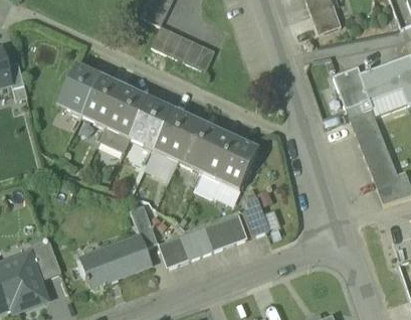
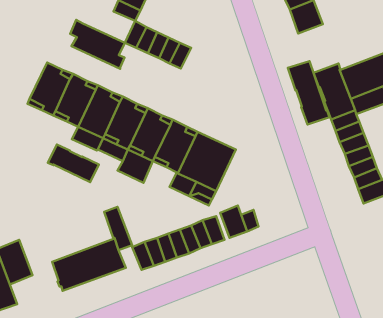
building: none -> [70,20,125,69]
building: none -> [288,61,330,125]
building: none -> [48,144,99,182]

